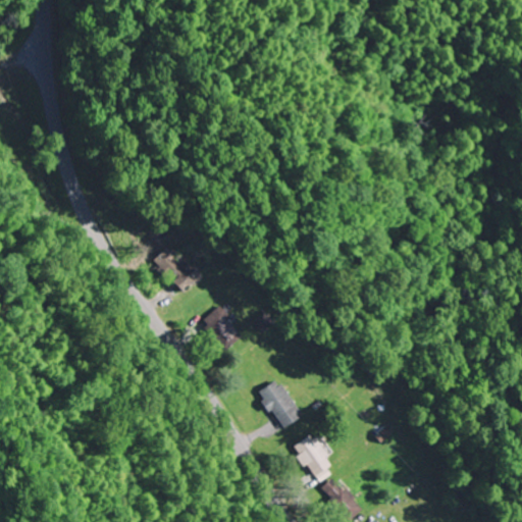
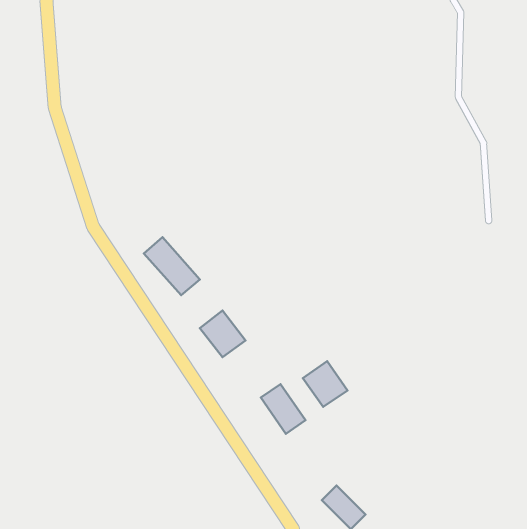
building: none -> [303,361,347,407]
building: [294,434,333,476] -> none

